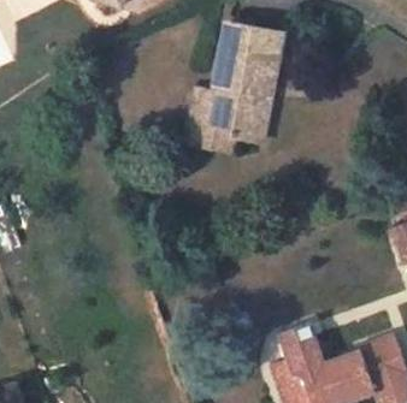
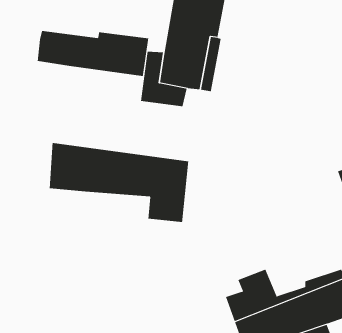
building: none -> [37,30,149,77]
building: none -> [49,142,189,223]

